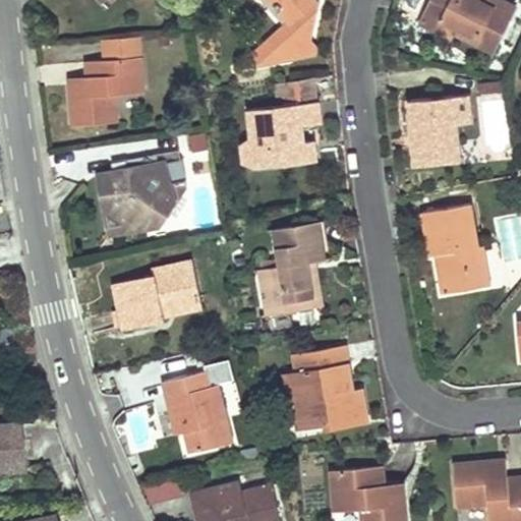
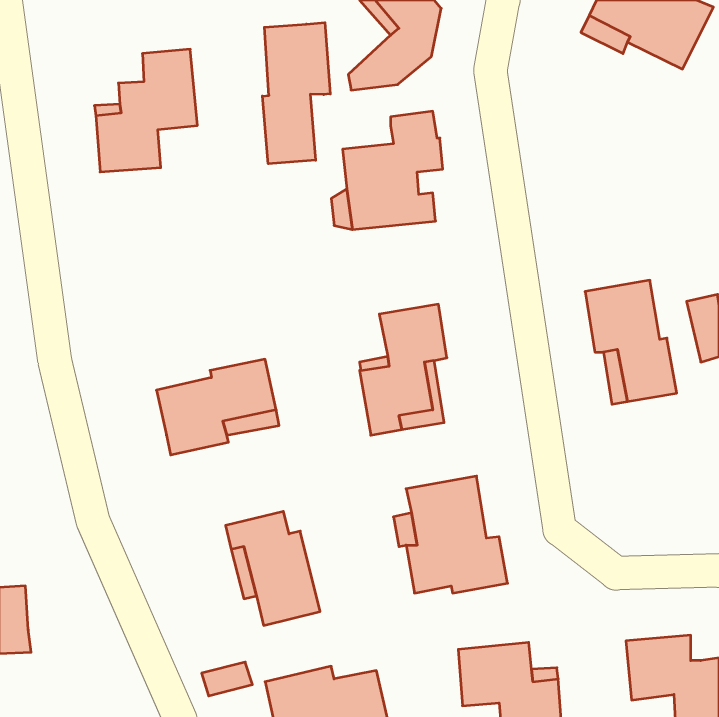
building: none -> [262,23,330,164]
building: [408,95,472,166] -> none
building: [96,151,185,234] -> none

